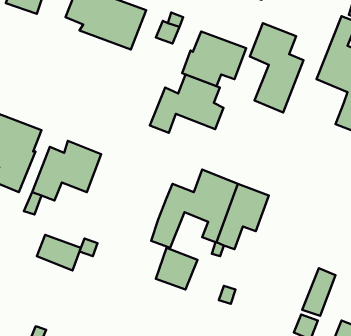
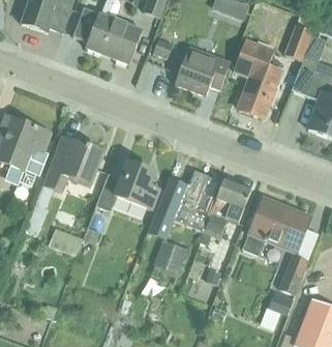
building: none -> [284,27,311,61]
building: [150,74,224,133] -> [96,163,160,213]
building: none -> [241,198,309,253]

